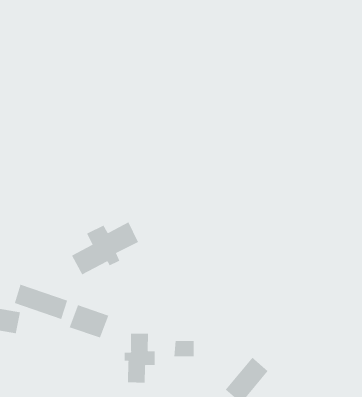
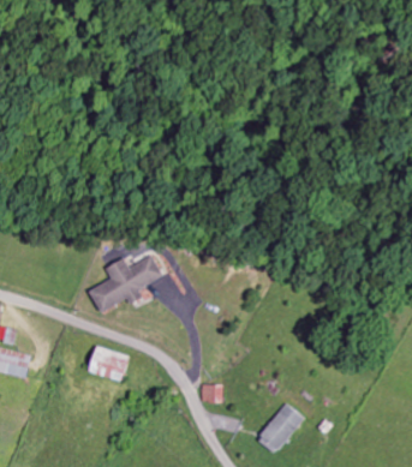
building: [14,284,68,320] -> none
building: [124,333,155,384] -> none

